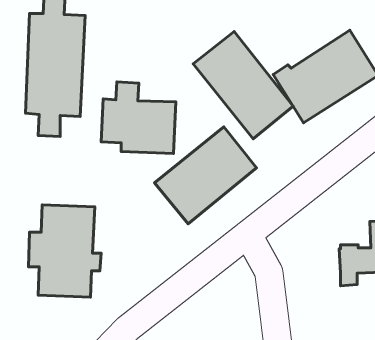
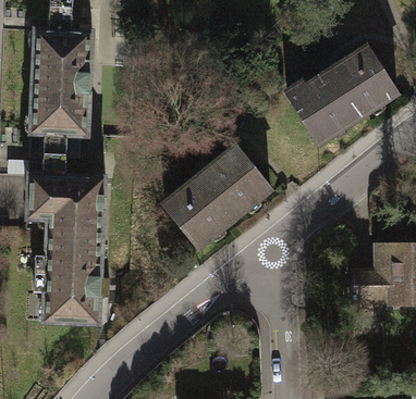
building: [193,32,293,139] -> none
building: [101,82,176,153] -> [25,157,102,230]

